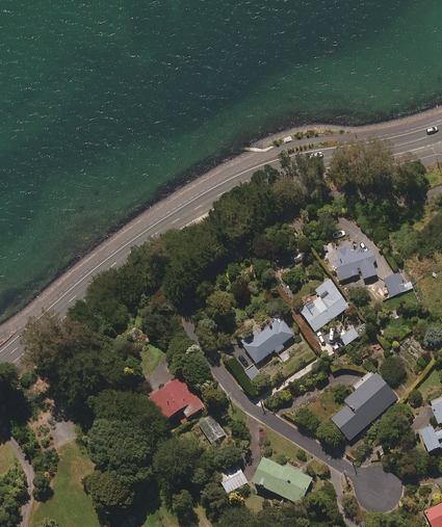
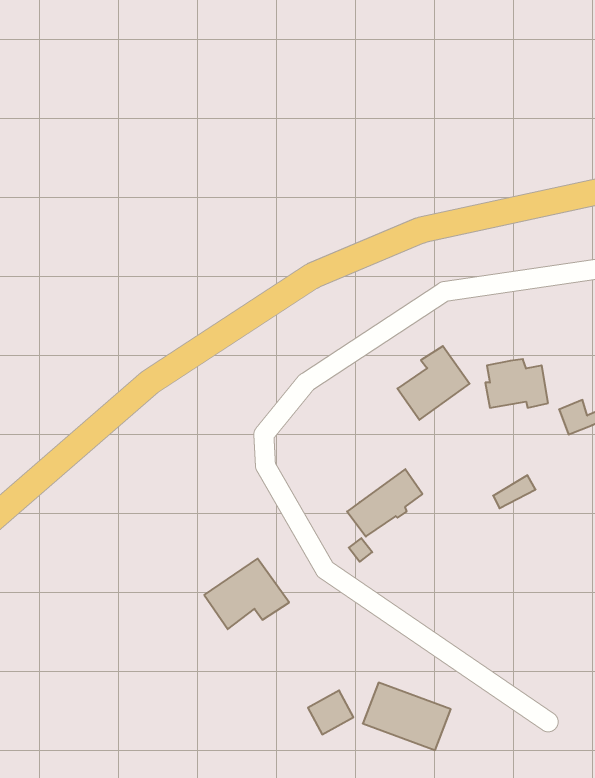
building: [300,282,347,331] -> [397,346,470,420]
building: [331,370,396,440] -> none
building: [197,413,225,442] -> none

